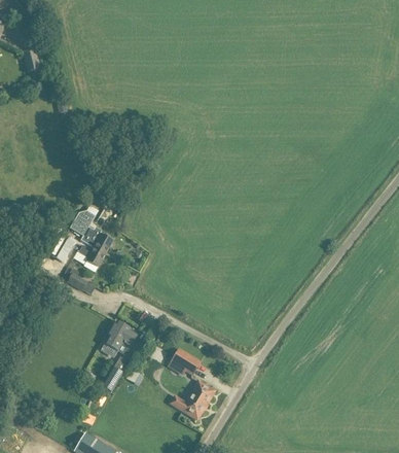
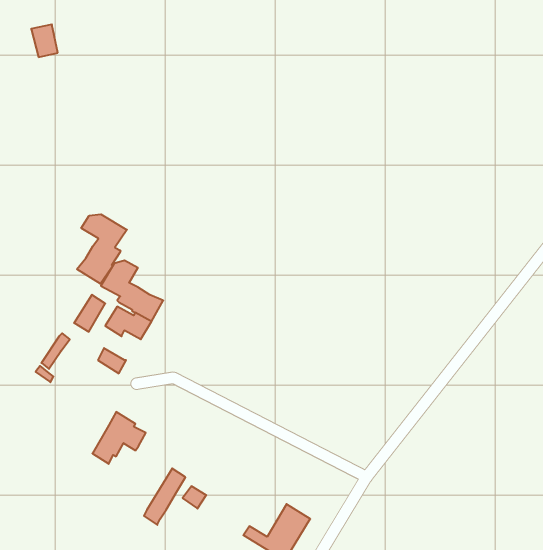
building: none -> [77,214,127,284]
building: [101,319,138,355] -> [92,412,146,464]
building: [171,348,201,374] -> none

